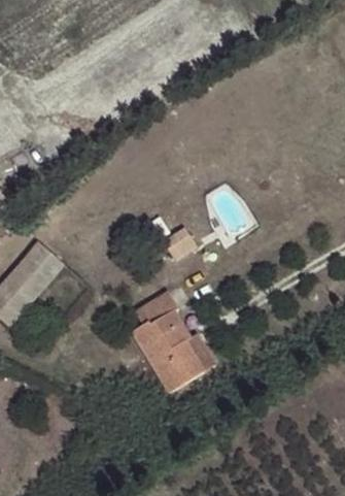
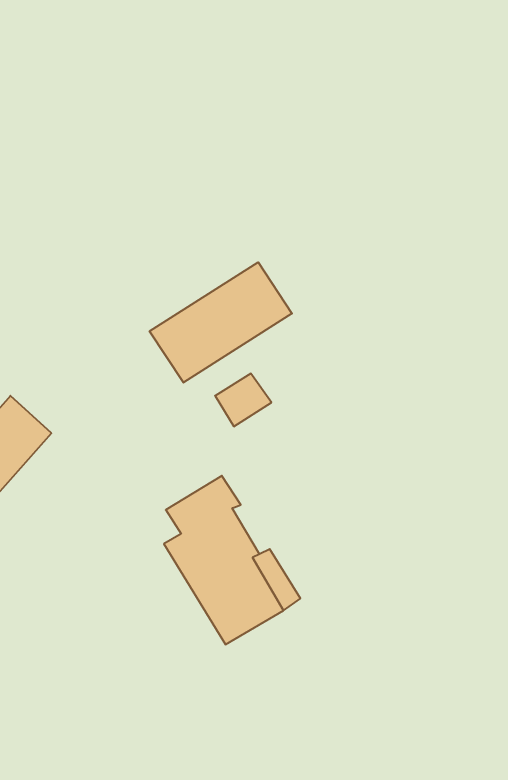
building: none -> [150,262,292,383]

